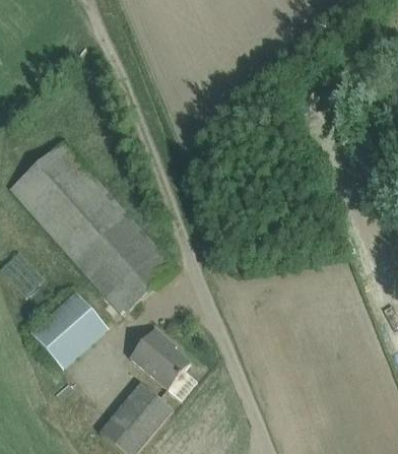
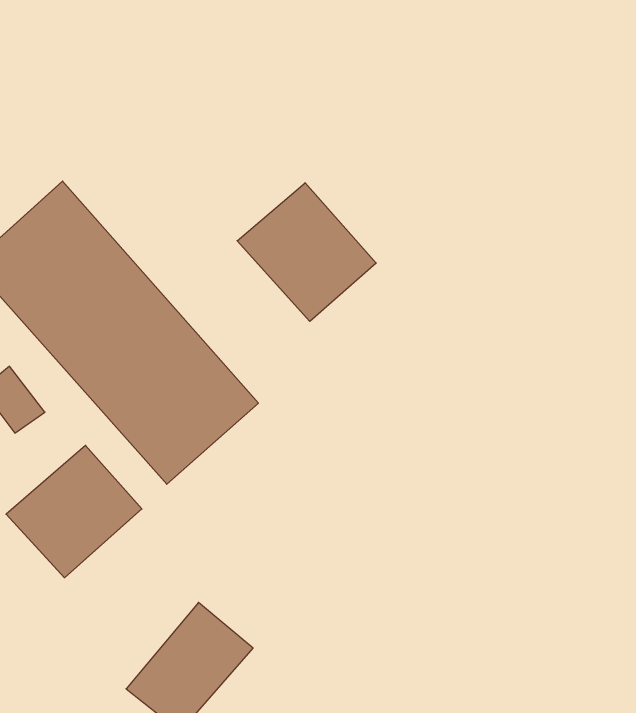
building: none -> [237,183,376,321]
building: [129,326,190,388] -> none

